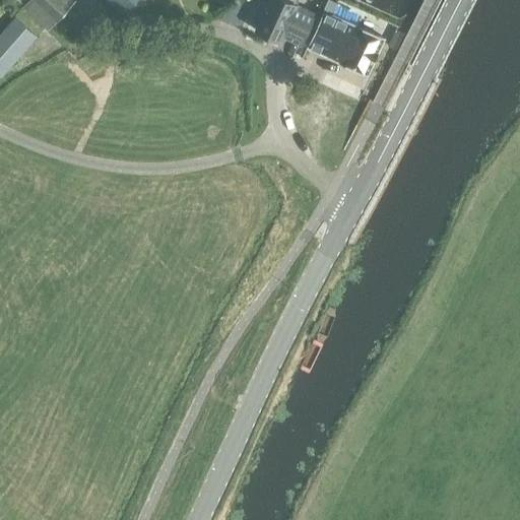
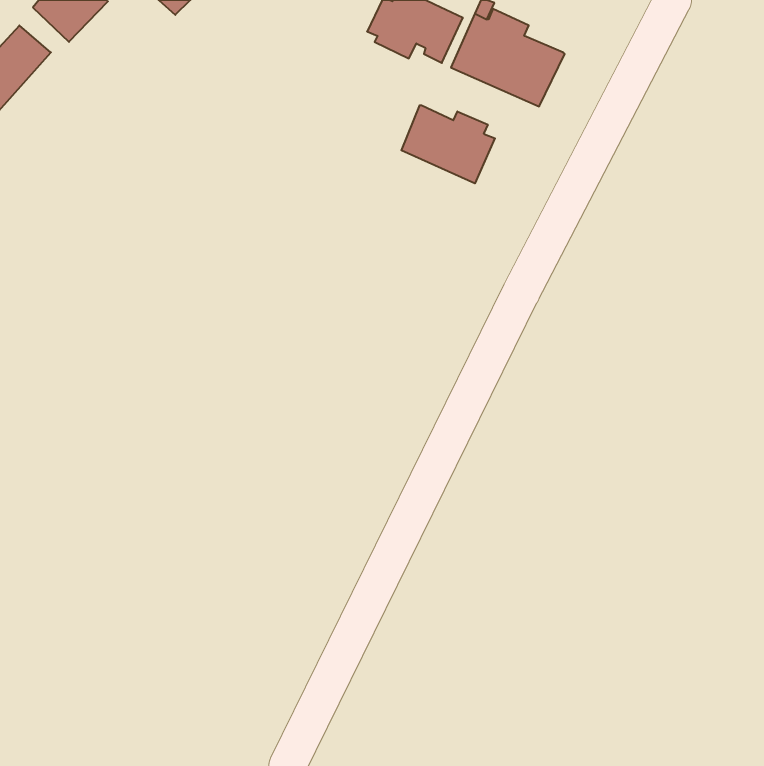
building: none -> [401,105,495,183]

